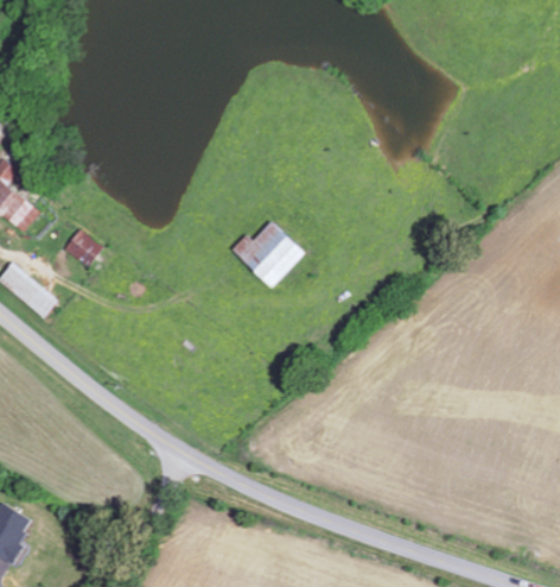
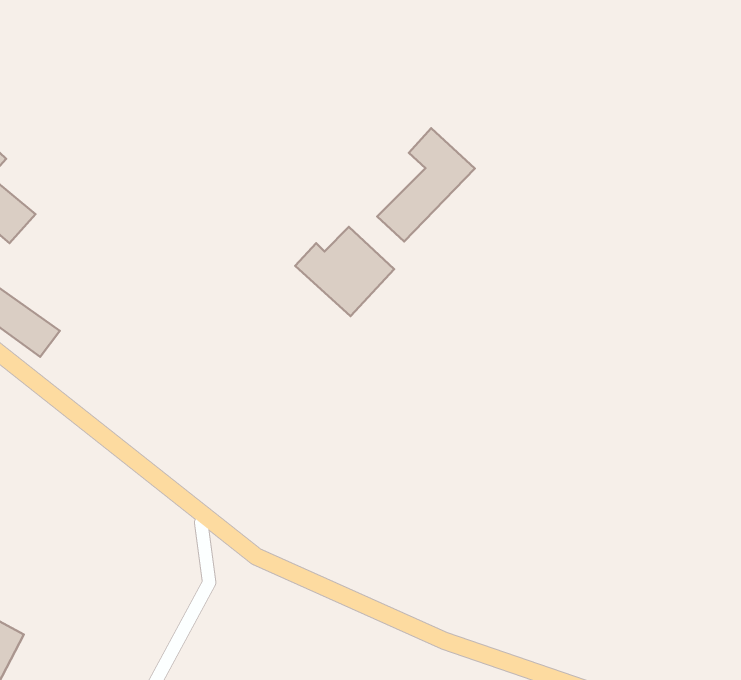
building: none -> [377,128,475,242]
building: [64,228,102,265] -> none

